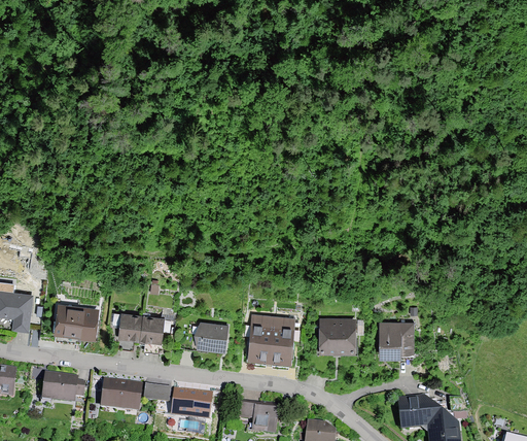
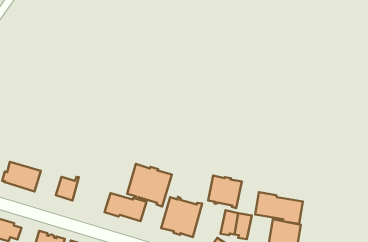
building: none -> [208,176,242,208]
building: none -> [127,164,172,206]
building: none -> [255,192,303,224]
building: [140,310,164,341] -> none

